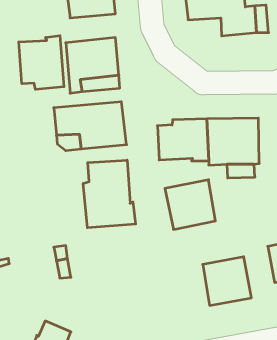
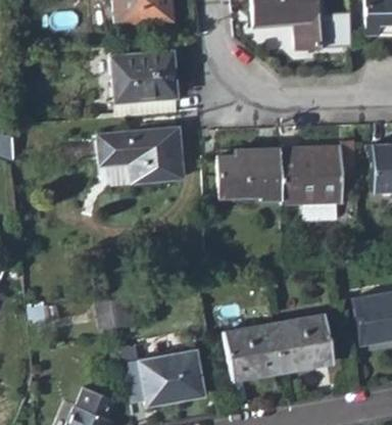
building: [19,36,64,89] -> none
building: [83,160,136,228] -> none
building: [165,180,215,229] -> [222,321,282,380]
building: none -> [122,350,202,406]

